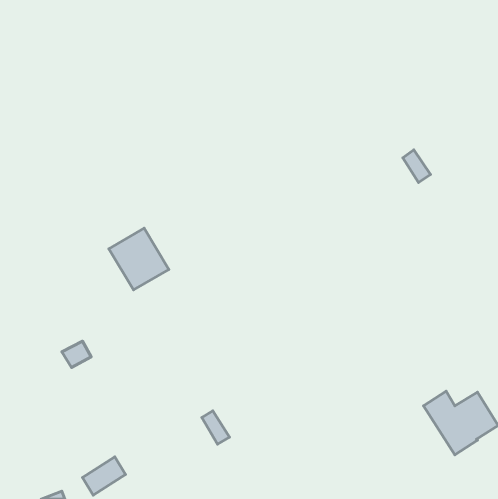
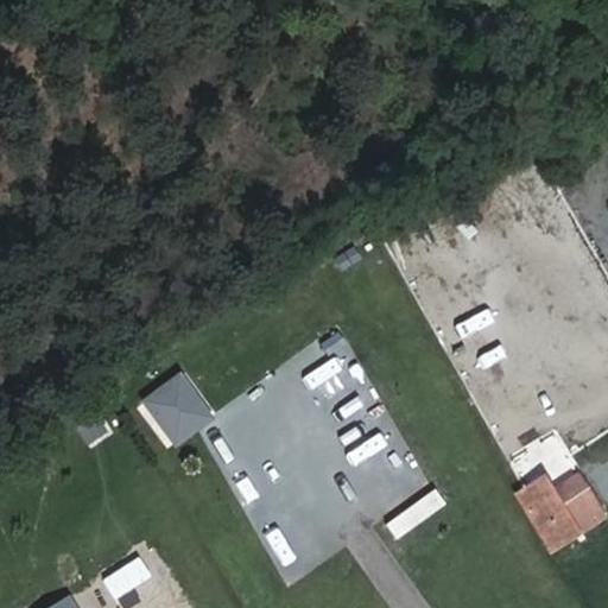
building: [109,228,169,290] -> [142,370,215,445]

